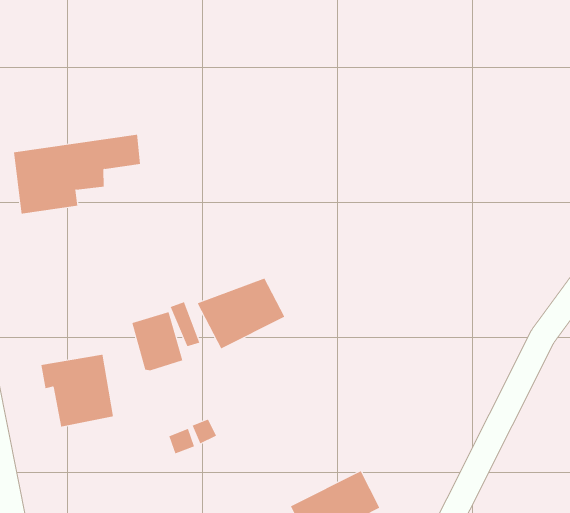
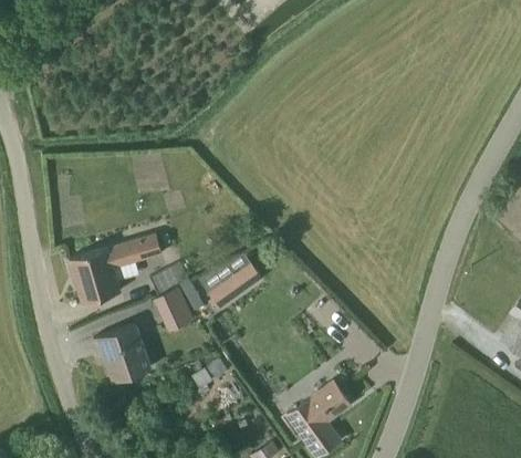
building: [13,134,141,214] -> [70,233,161,303]
building: none -> [150,262,189,293]

